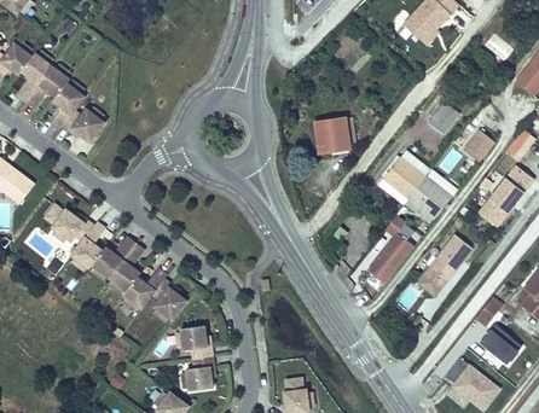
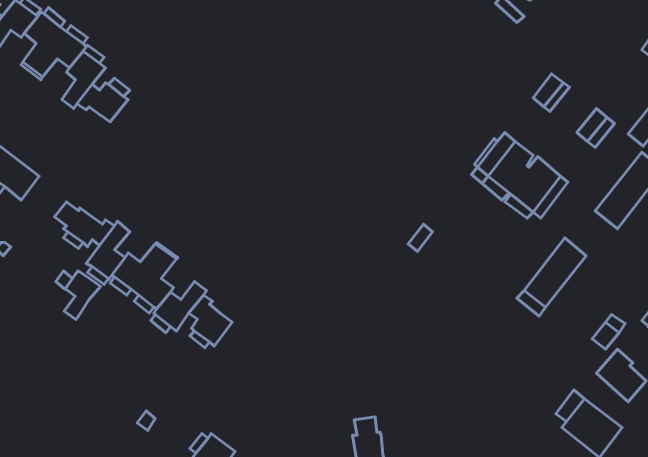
building: [314,117,355,152] -> none
building: [367,215,415,284] -> none
building: none -> [64,271,100,320]
building: [176,326,209,392] -> none

